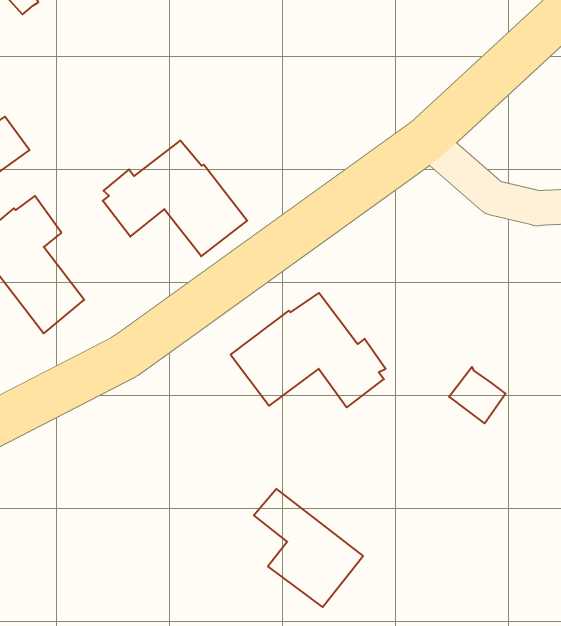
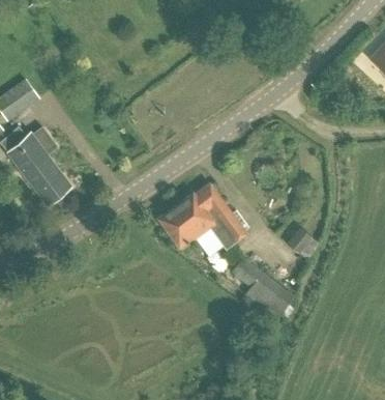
building: [103,140,247,256] -> none
building: [254,489,363,607] -> [231,257,295,326]

